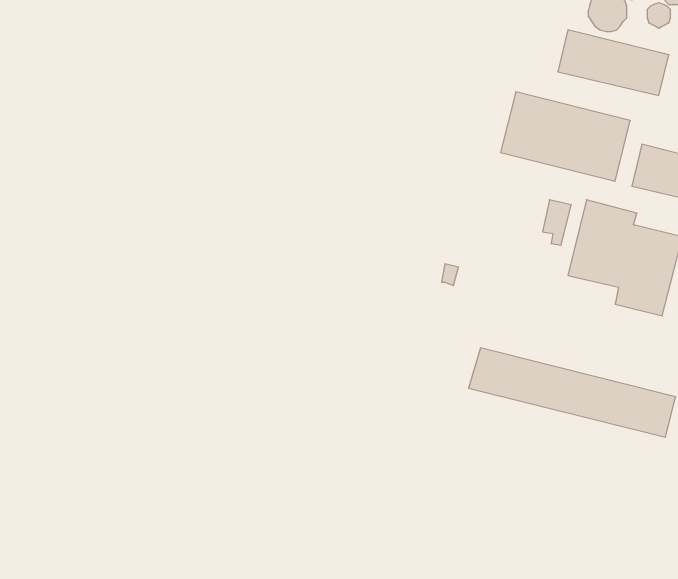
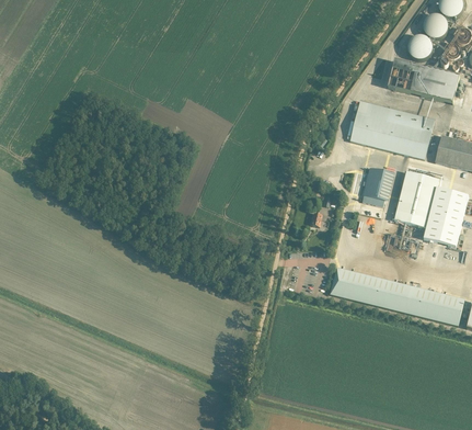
building: none -> [361,167,383,205]

